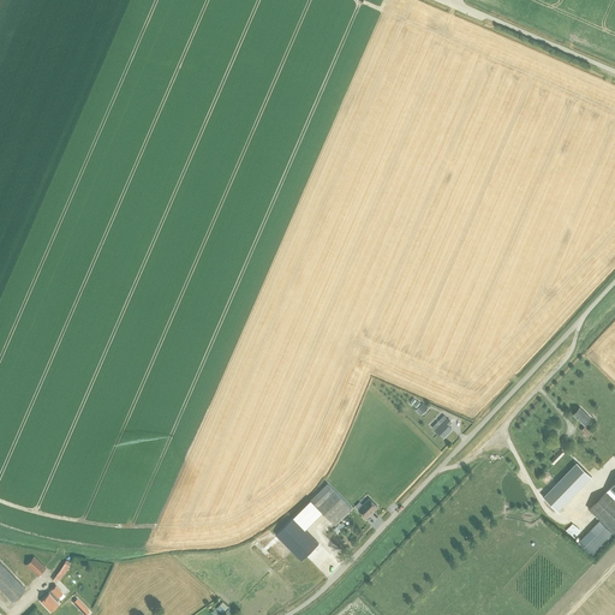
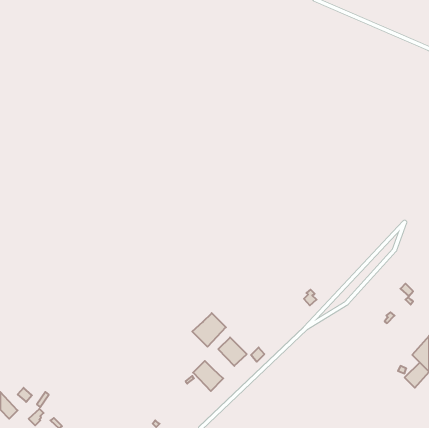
building: none -> [192,313,226,347]
building: [545,464,592,512] -> none

